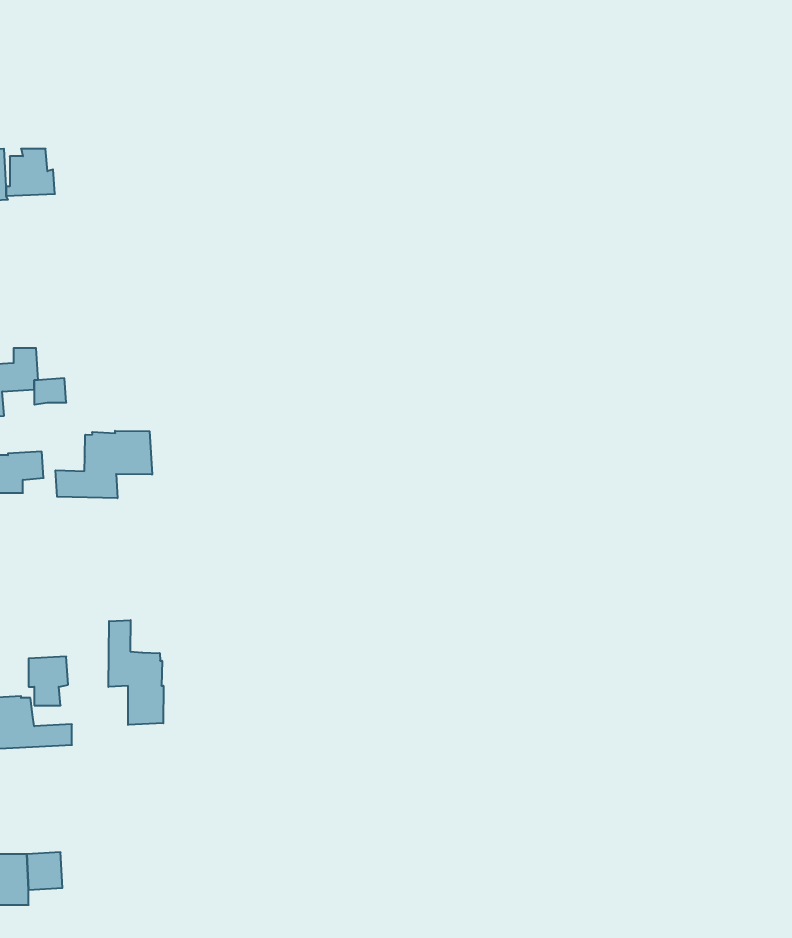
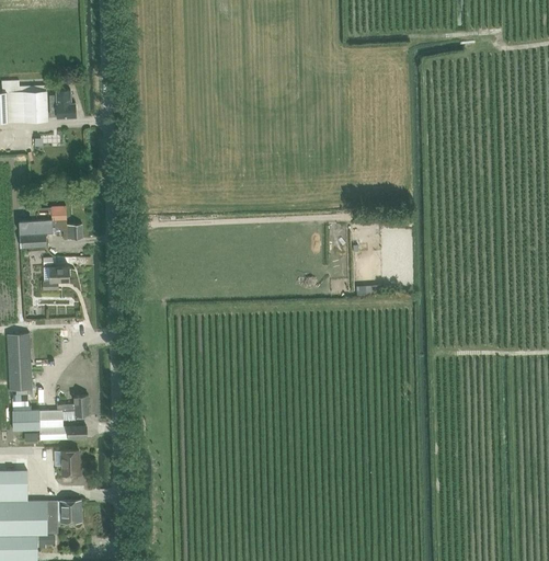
building: [56,431,152,498] -> none
building: [108,620,163,725] -> none
building: none -> [61,450,81,476]

